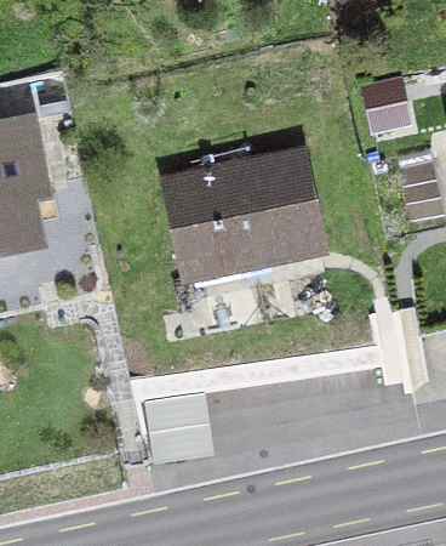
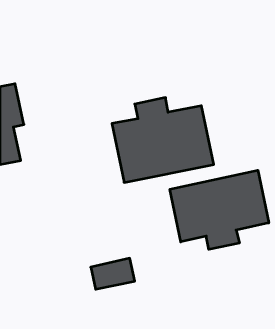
building: none -> [170,170,269,249]

